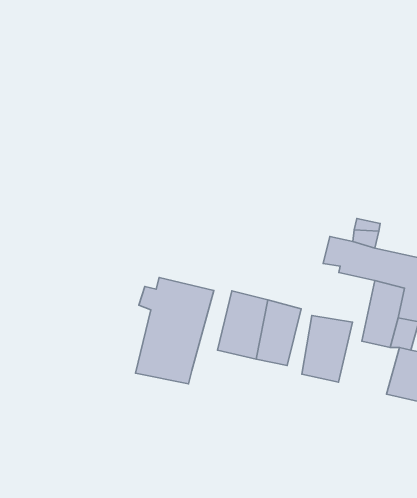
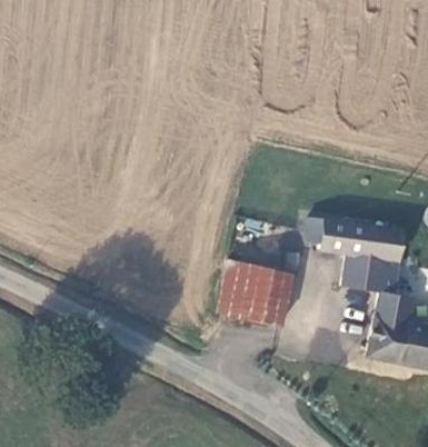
building: [136,277,214,384] -> none
building: [302,315,352,382] -> none

